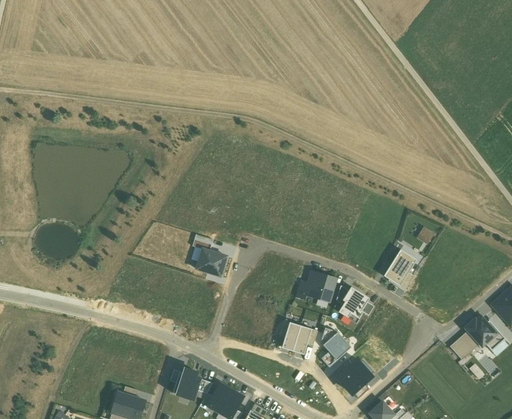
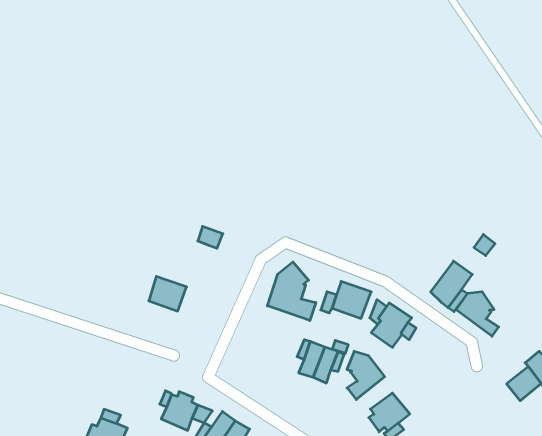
building: [197,249,227,276] -> [149,276,187,311]
building: none -> [267,262,316,321]
building: none -> [456,292,499,336]

